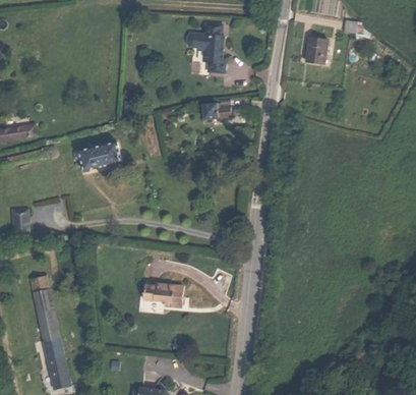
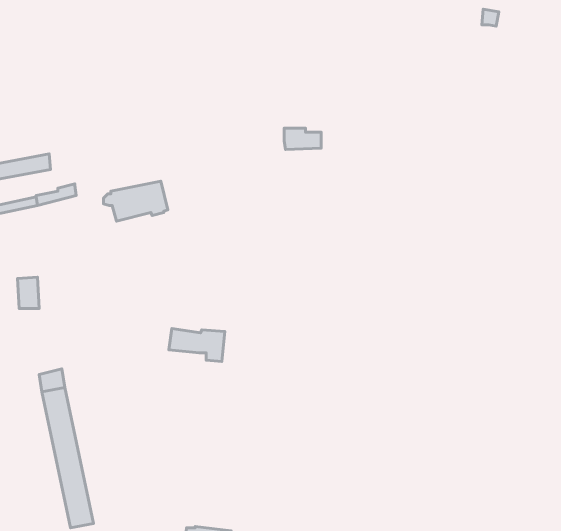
building: [195,24,228,73] -> none
building: [305,38,328,65] -> none
building: [146,283,186,306] -> [169,328,225,361]

